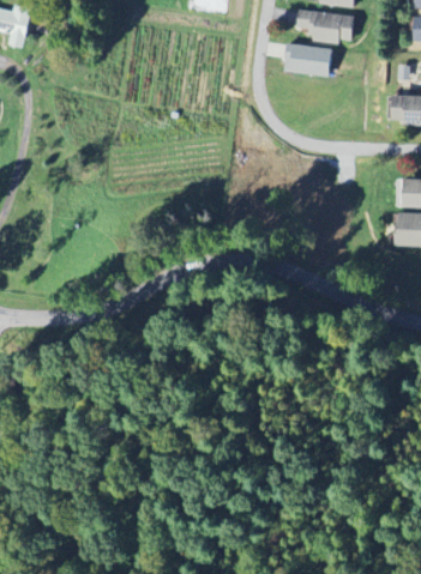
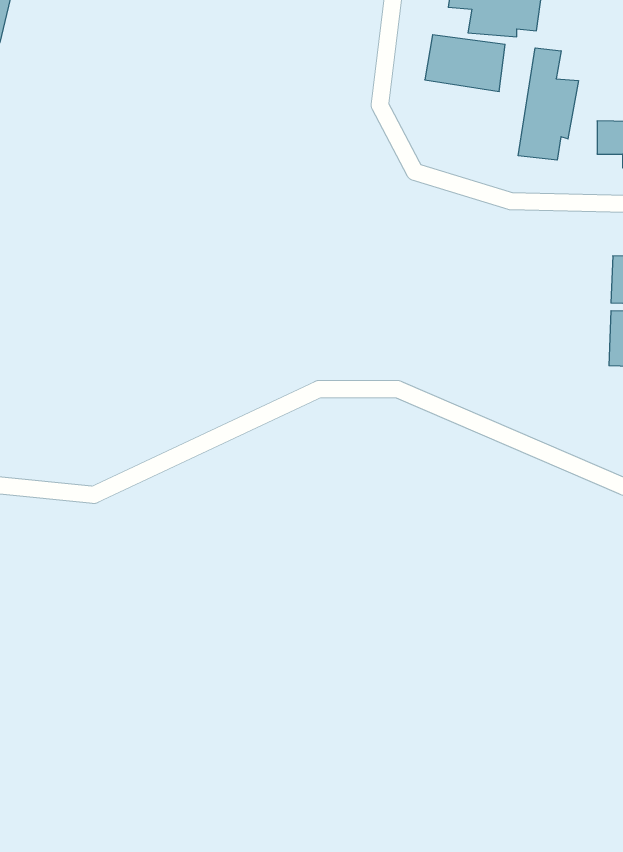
building: none -> [518,48,578,160]

